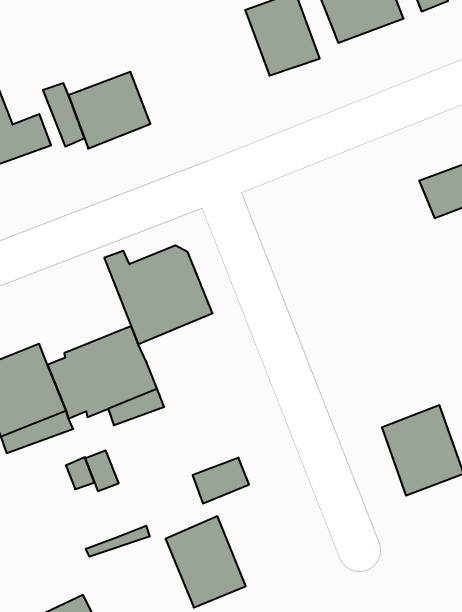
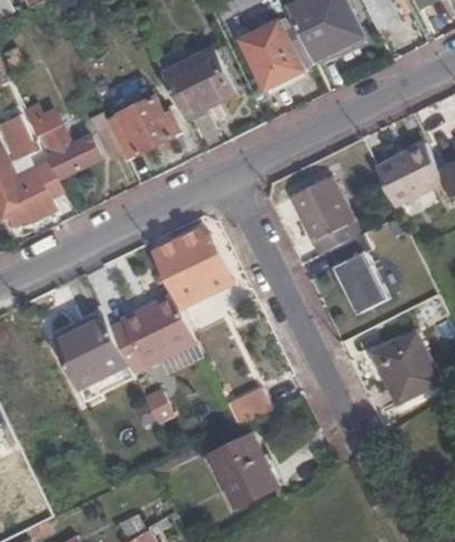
building: none -> [162,48,232,116]
building: none -> [291,175,360,253]
building: none -> [331,249,388,316]

